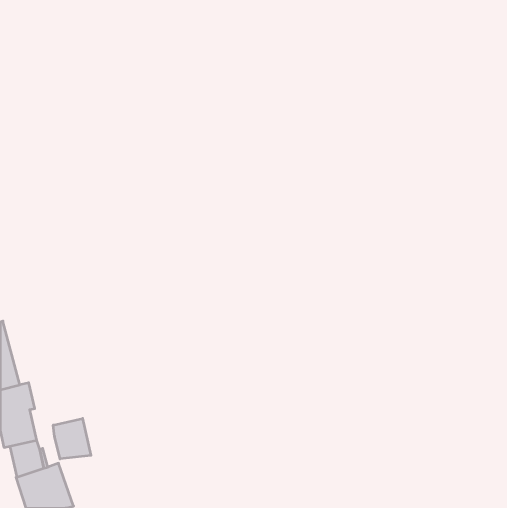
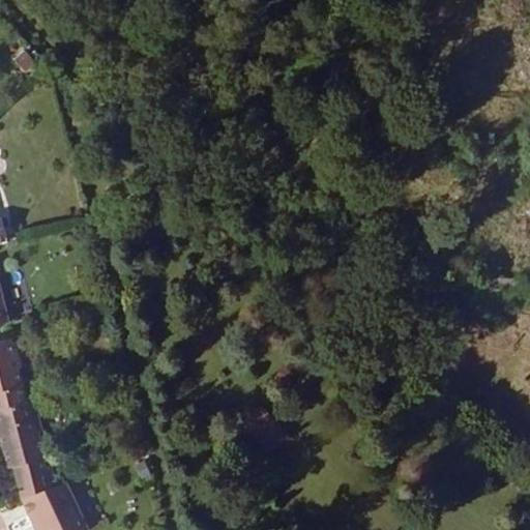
building: [53,418,91,459] -> none

